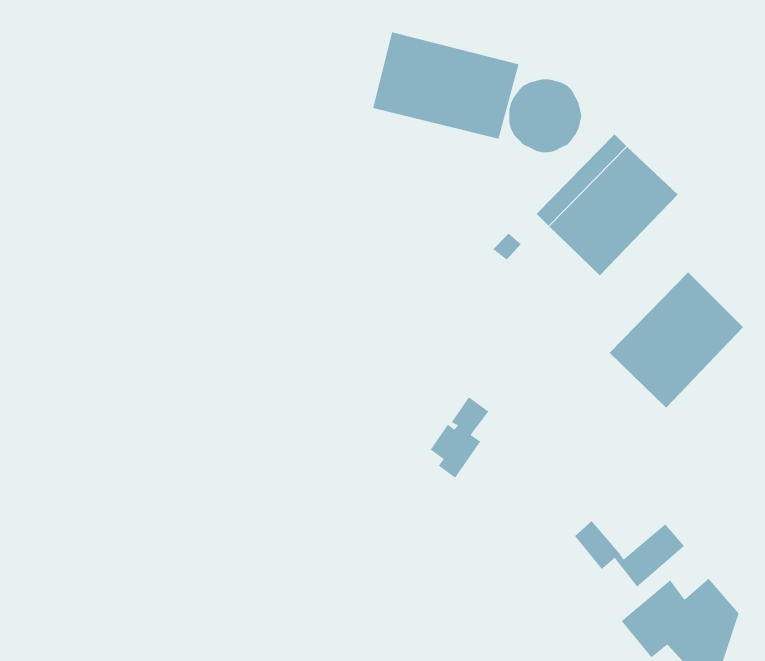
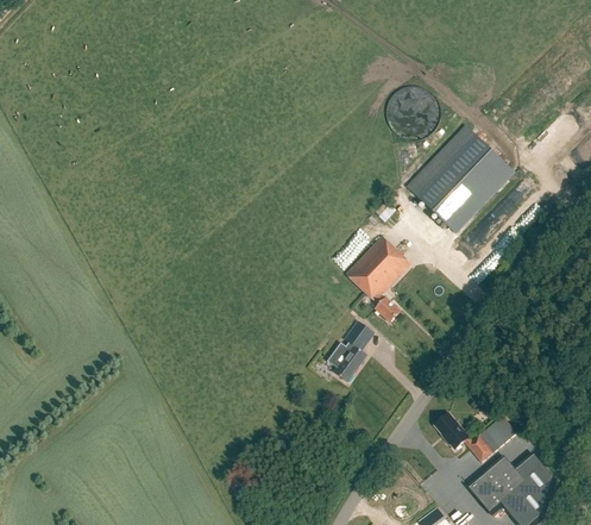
building: [372,31,519,139] -> none
building: [609,272,744,409] -> none
building: none -> [346,235,410,321]

